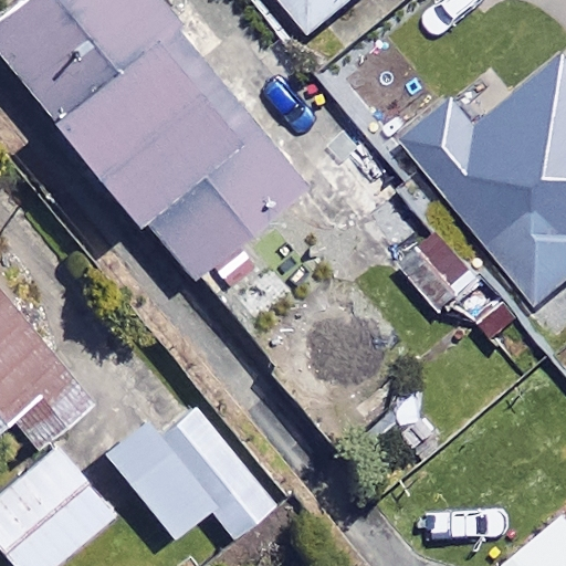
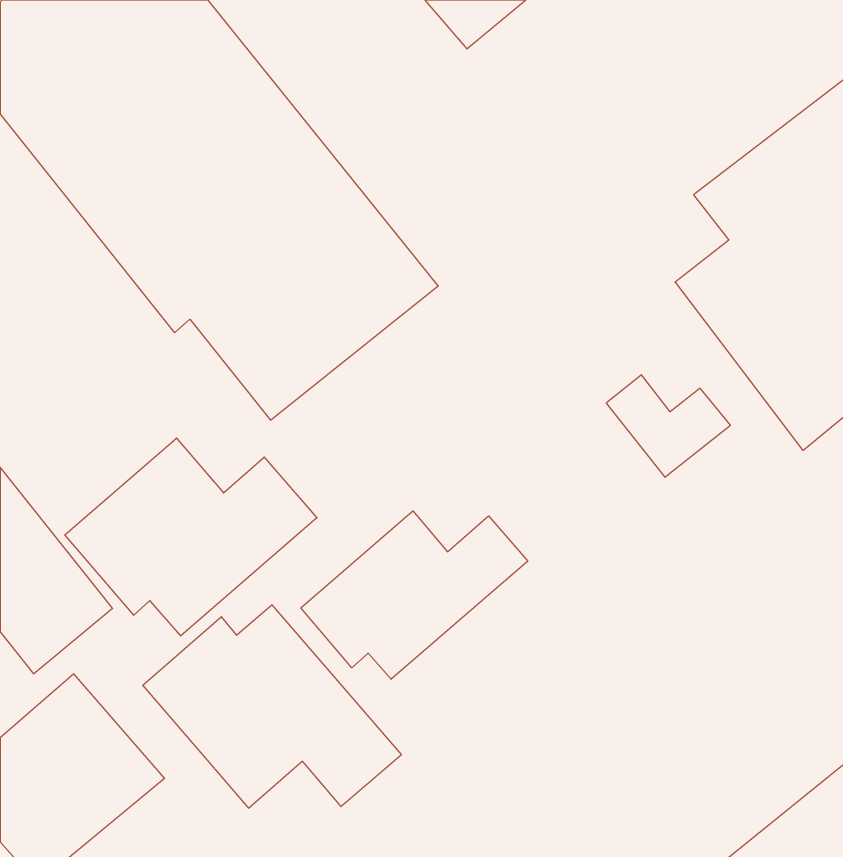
building: none -> [65,438,317,636]
building: none -> [301,511,528,679]

